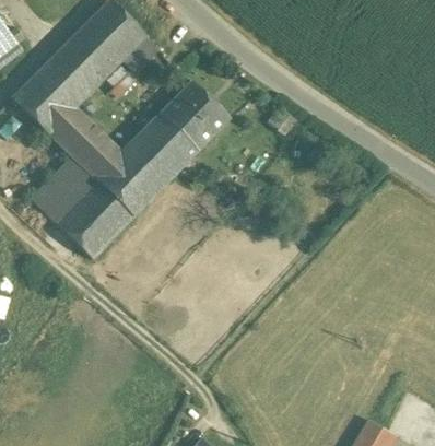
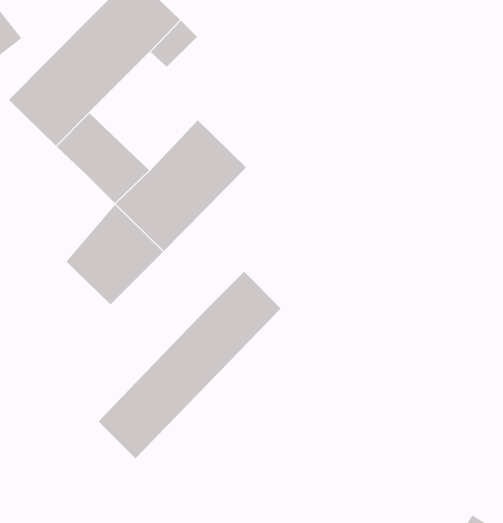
building: [158,79,228,149] -> none
building: [31,155,94,222] -> none
building: none -> [98,271,282,459]

